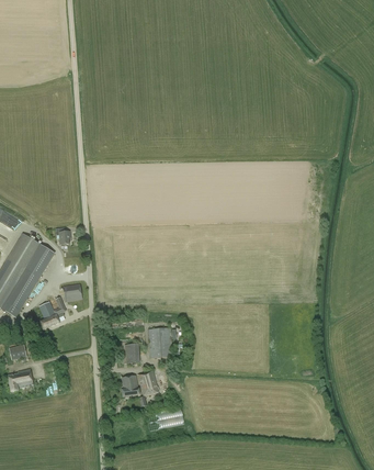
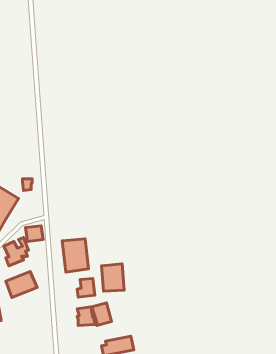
building: none -> [62,239,89,272]
building: none -> [6,271,37,298]

